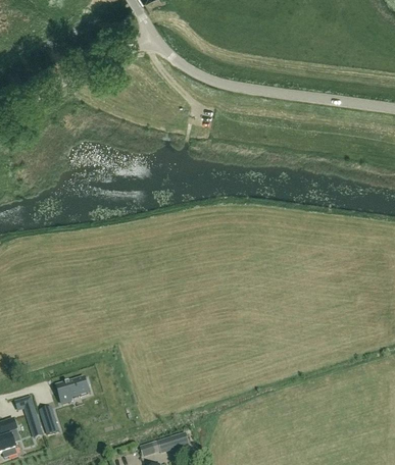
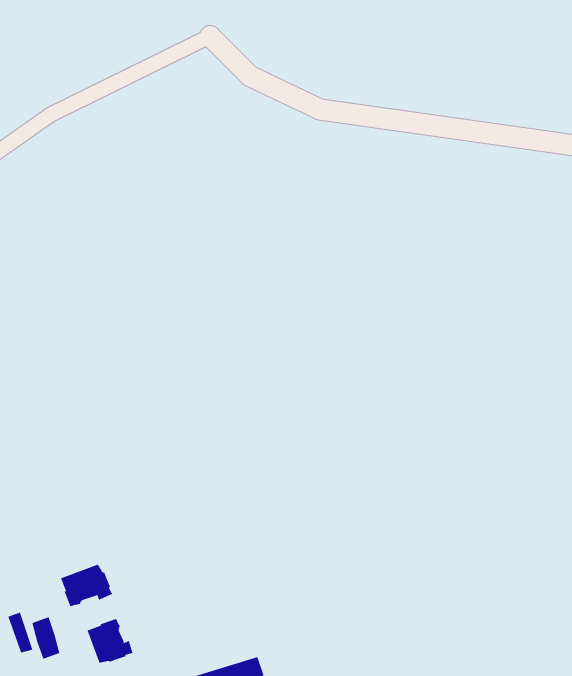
building: none -> [87,618,133,664]

